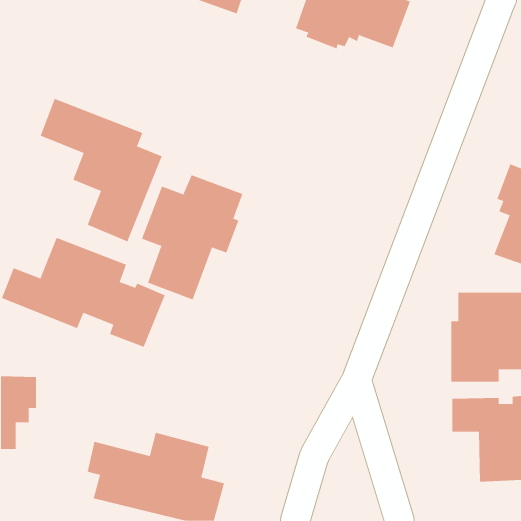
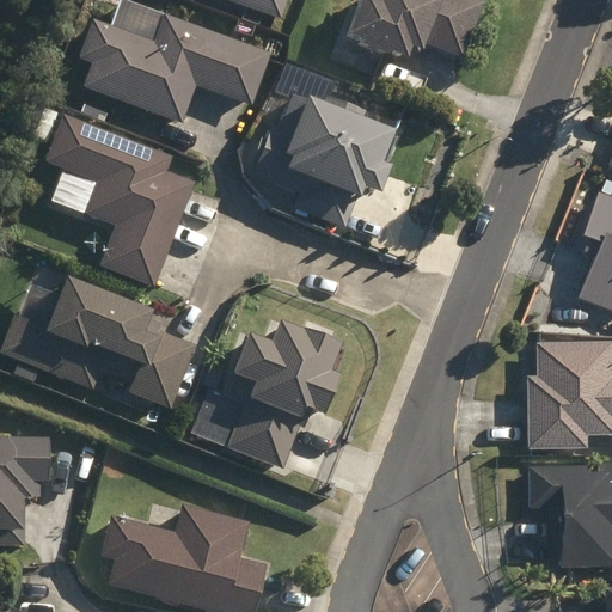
building: none -> [80,16,267,120]
building: none -> [253,92,398,225]
building: [141,174,243,300] -> [222,323,342,470]

